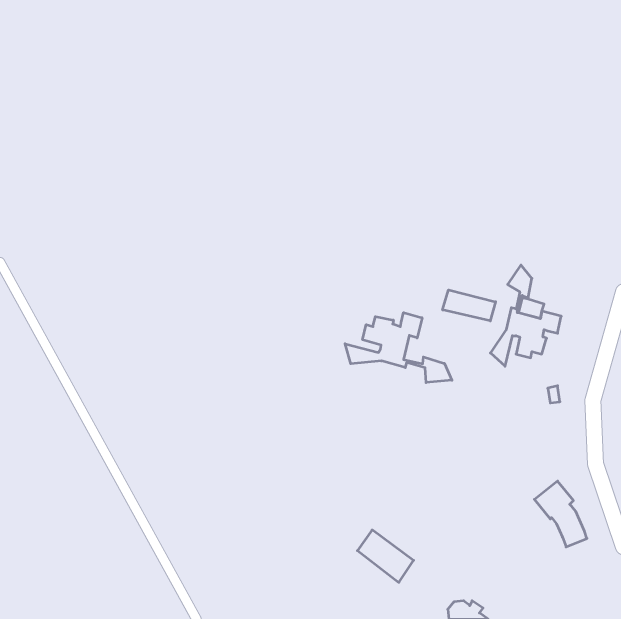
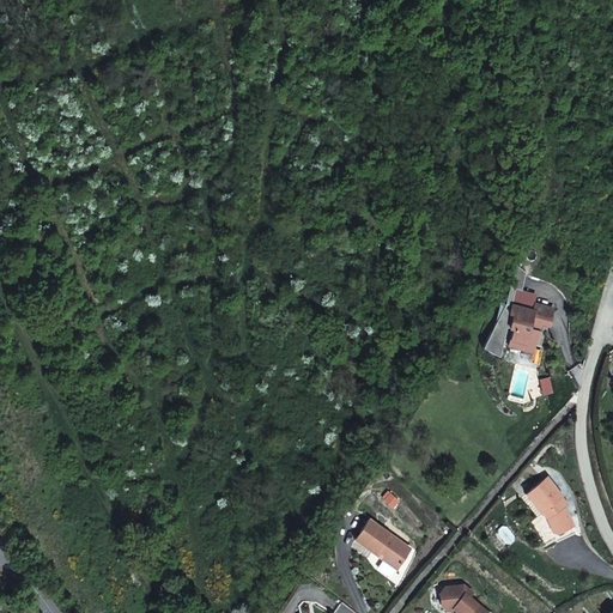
building: [443,290,496,321] -> none
building: [345,313,452,383] -> none

